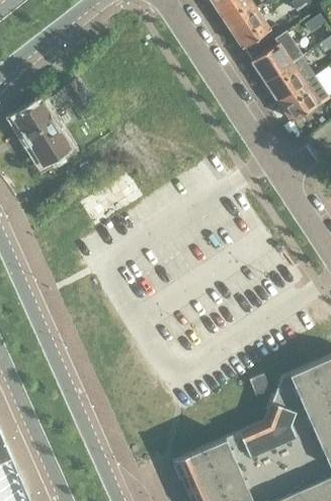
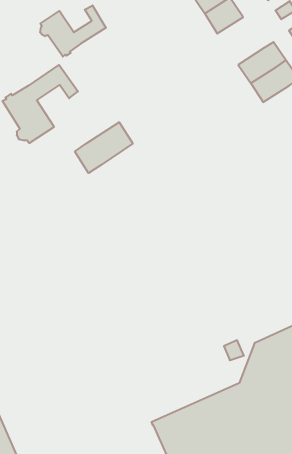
building: none -> [40,5,106,57]
building: [250,32,302,82] -> none
building: none -> [75,122,133,173]

